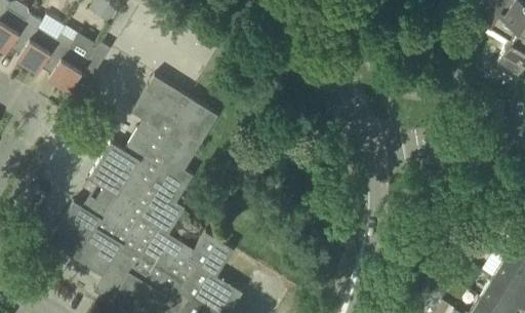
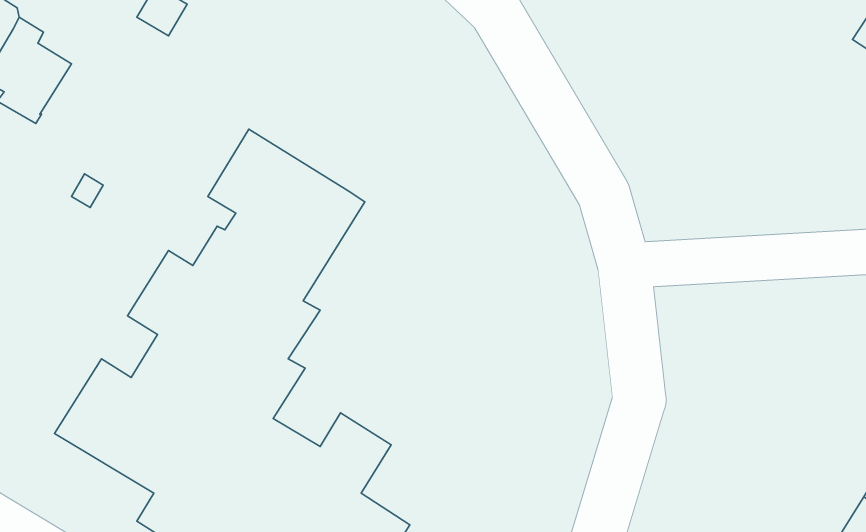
building: [40,33,97,91] -> none

